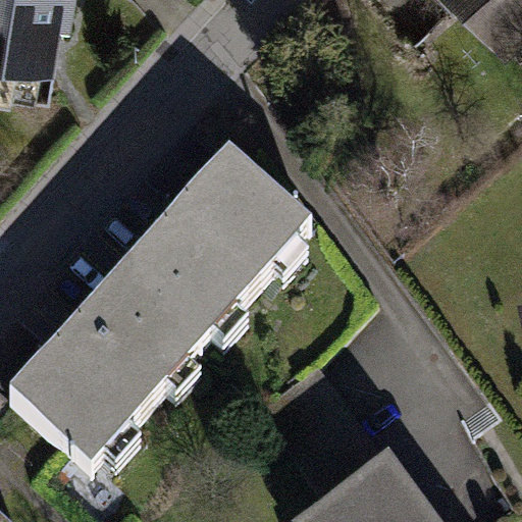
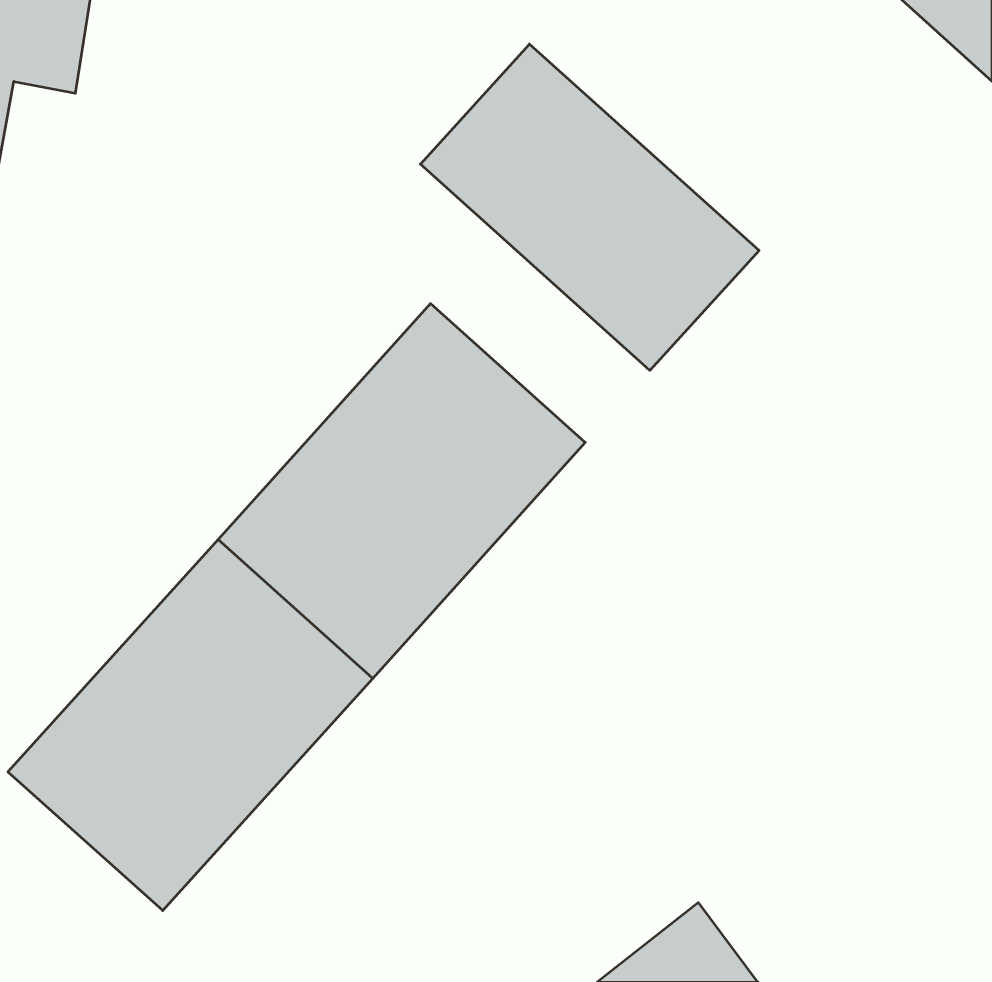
building: none -> [420,44,759,370]

